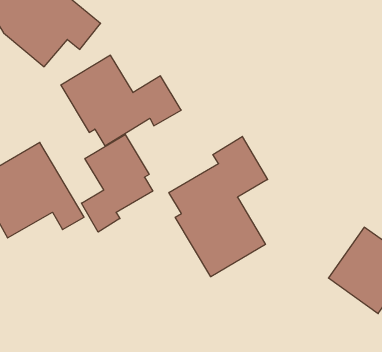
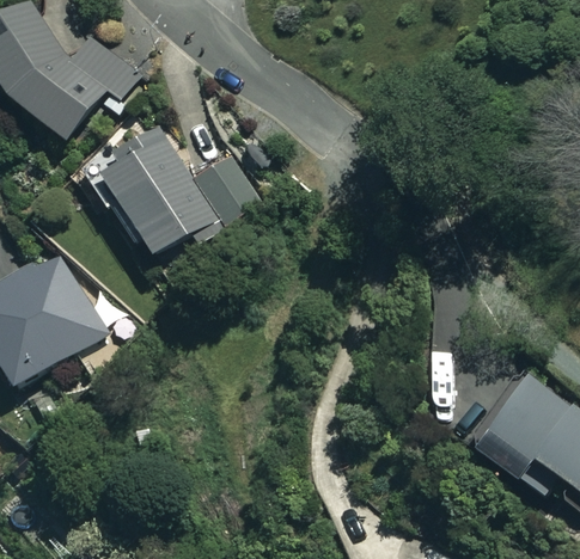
building: [81,135,153,232] -> none
building: [169,136,268,277] -> none

